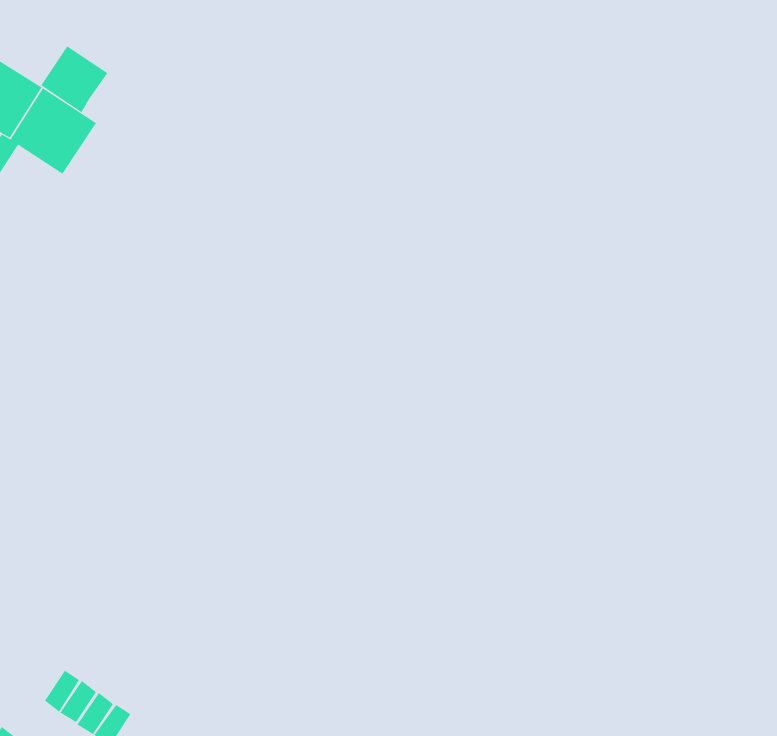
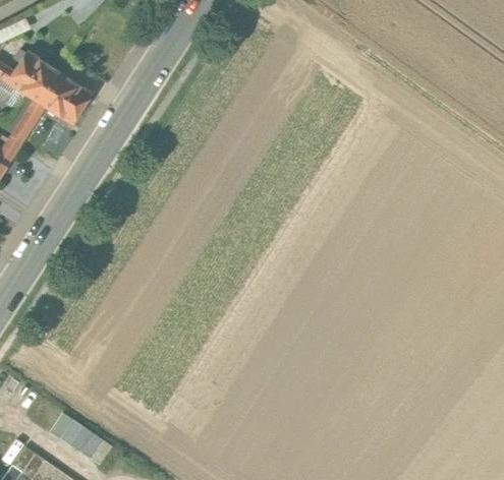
building: [40,45,108,113] -> none

